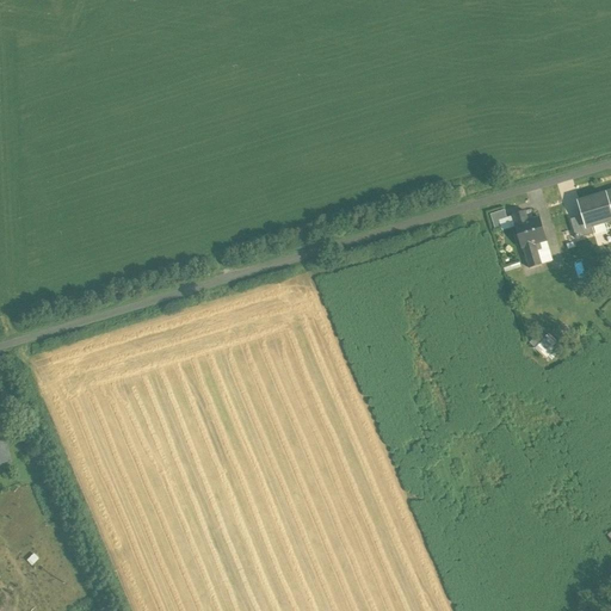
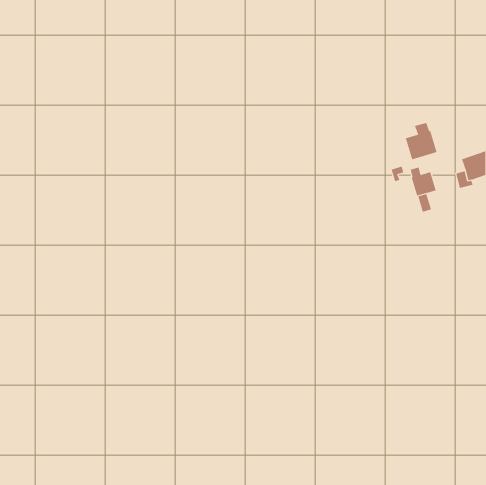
building: none -> [405,122,437,160]

